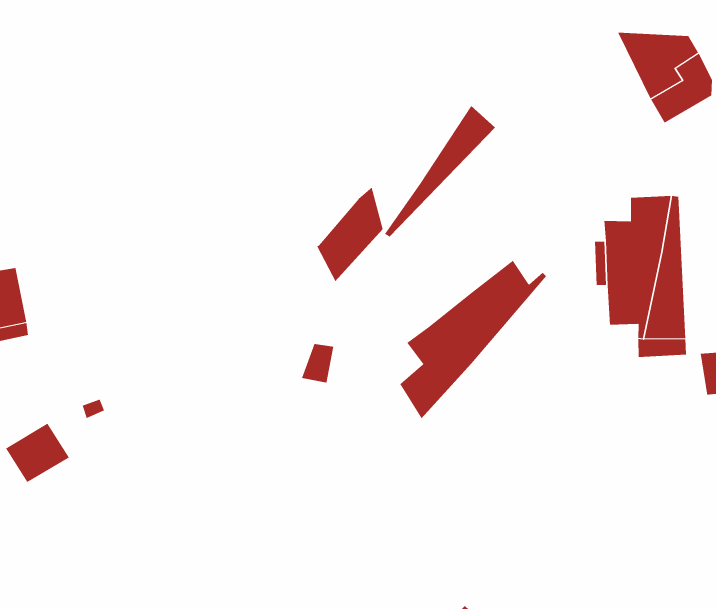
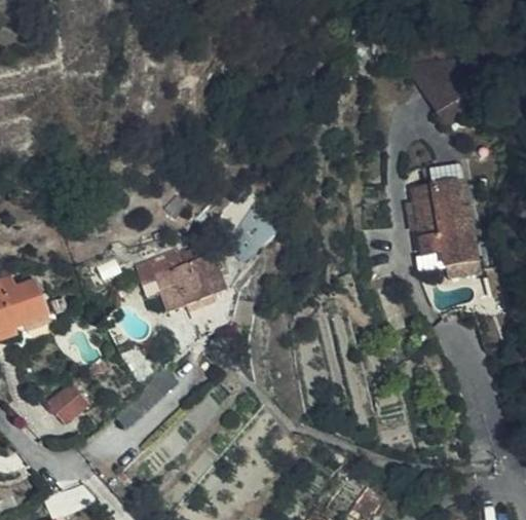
building: [384,105,496,237] -> none
building: none -> [134,244,222,310]
building: [399,260,547,419] -> none

